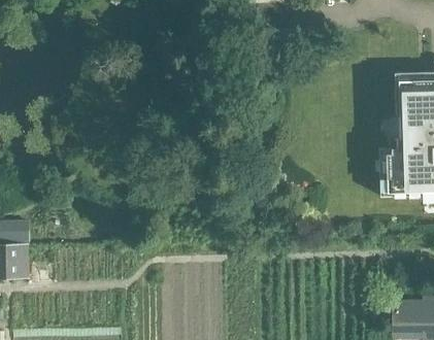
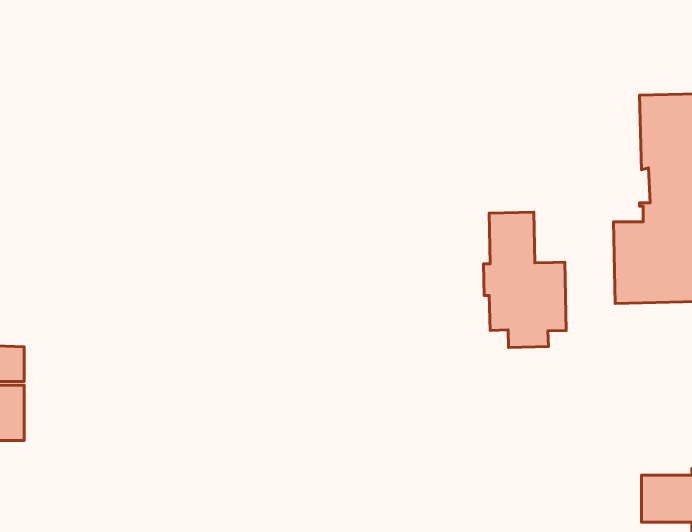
building: none -> [484,212,566,347]

